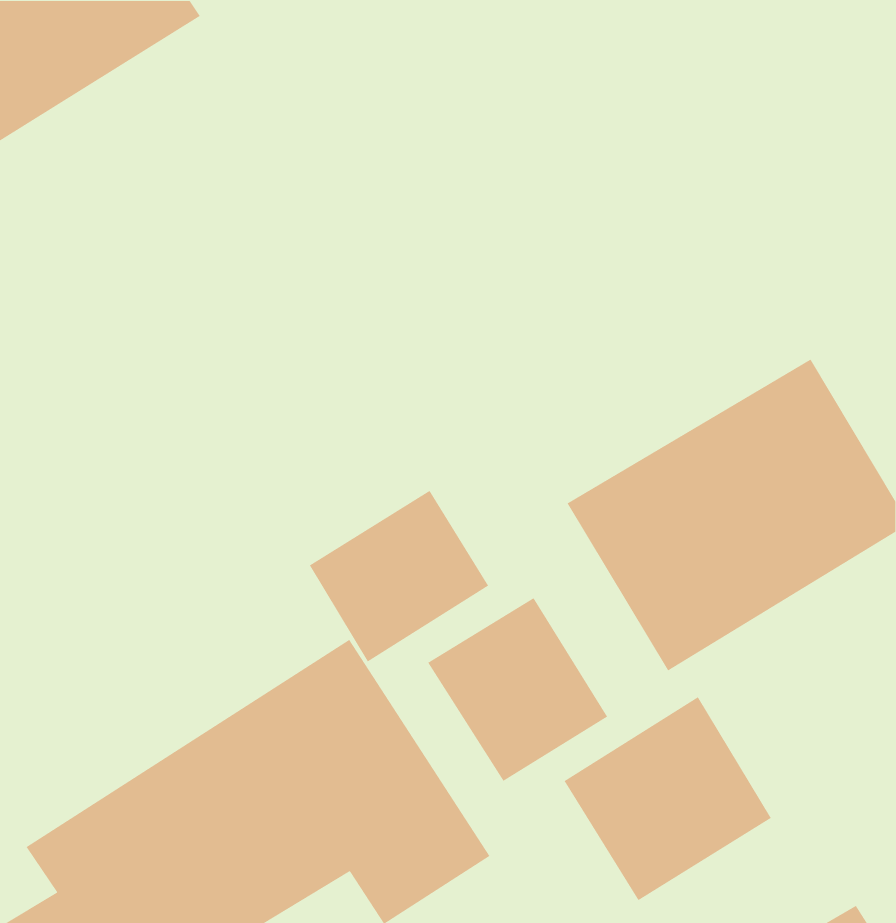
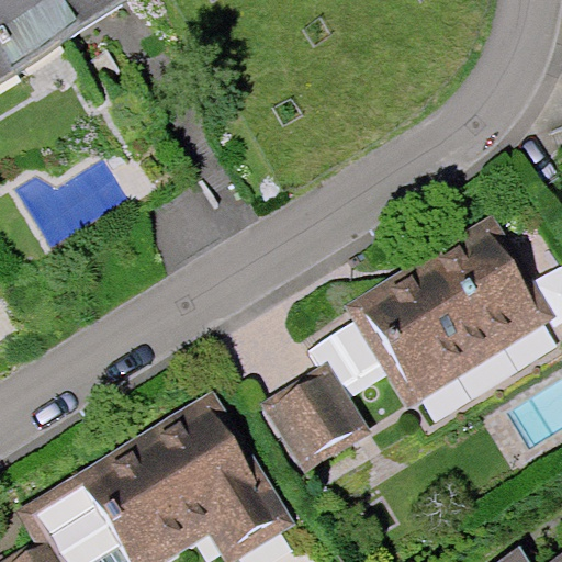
building: [309,490,489,662] -> none
building: [564,696,772,901] -> none

